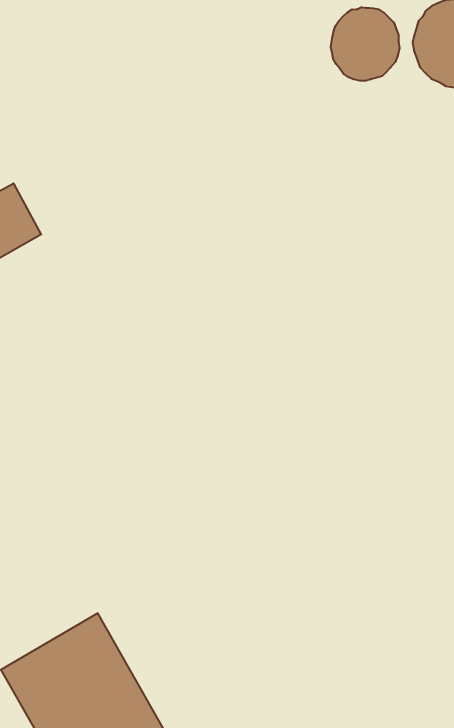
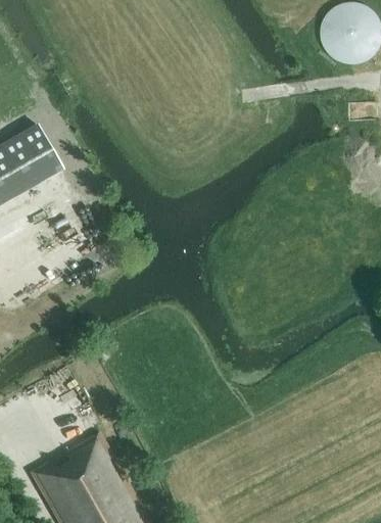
building: [331,7,399,81] -> none

